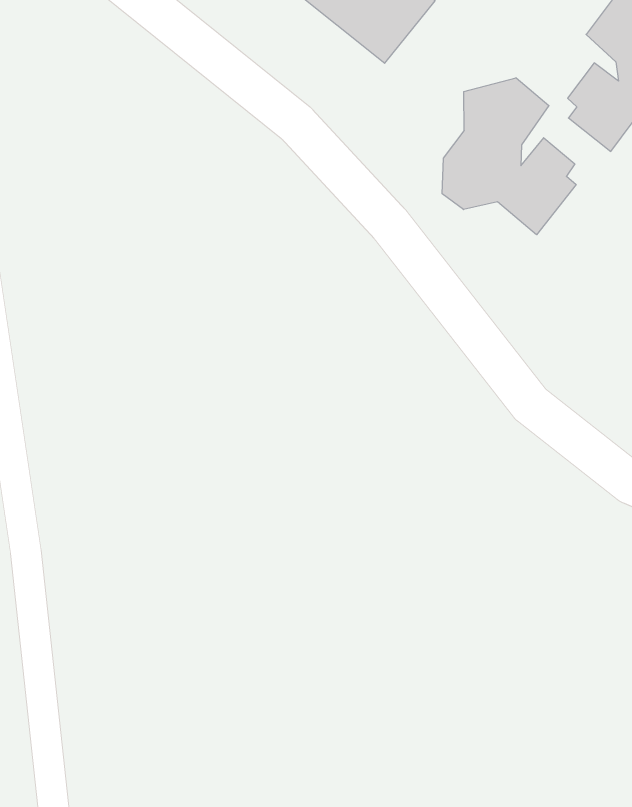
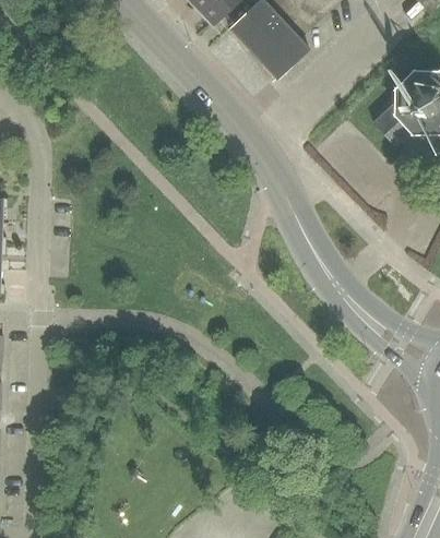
building: [442,78,576,235] -> none

